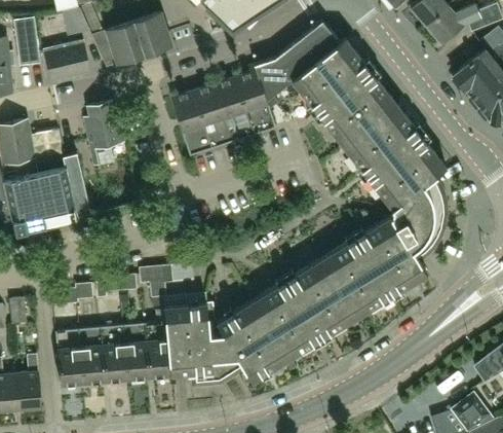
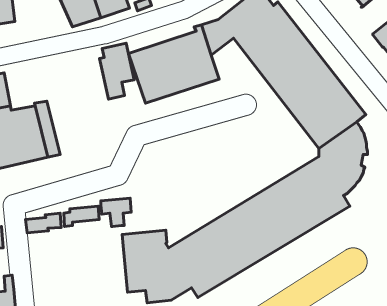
building: [43,41,89,81] -> none
building: [83,101,123,166] -> [100,43,134,99]
building: [54,321,169,385] -> none

